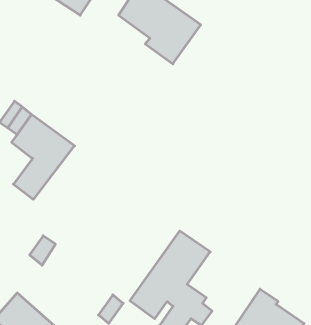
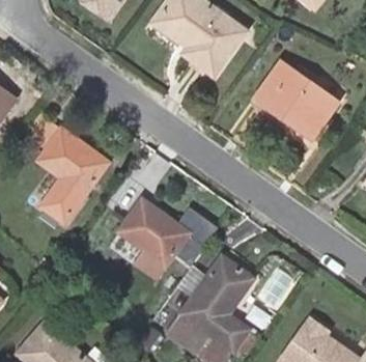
building: none -> [255,63,335,138]
building: none -> [118,198,219,278]

